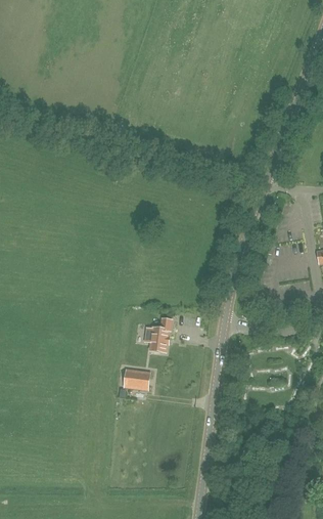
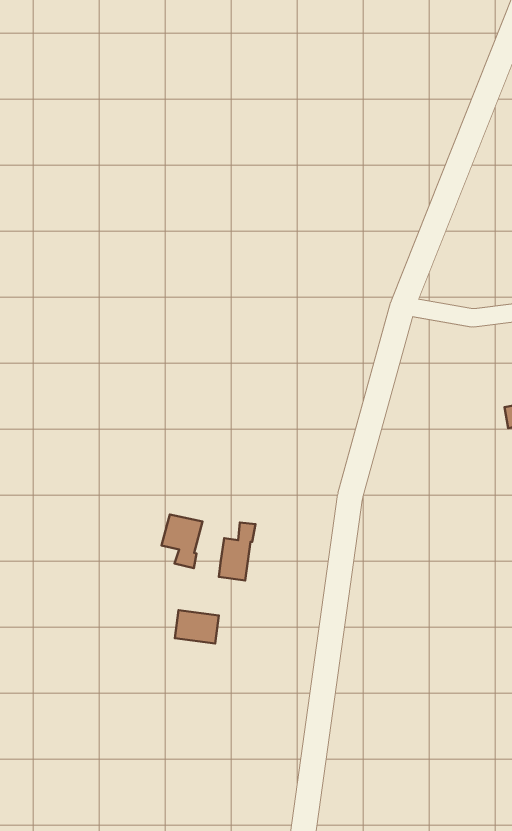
building: none -> [162,514,203,568]

